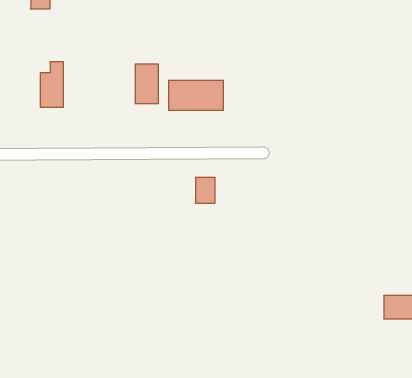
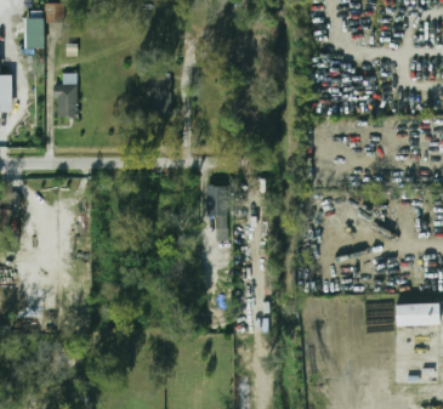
building: none -> [22,16,45,46]
building: [169,80,223,110] -> none

